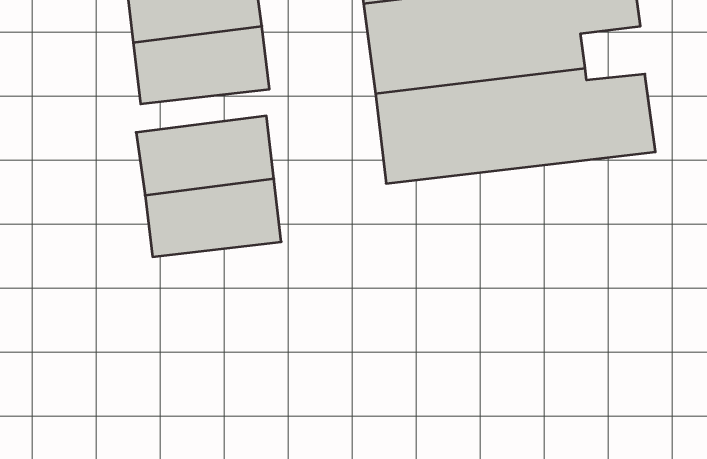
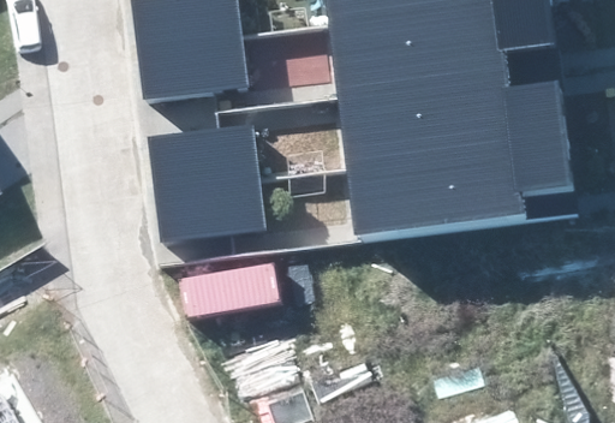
building: none -> [347,144,568,243]

